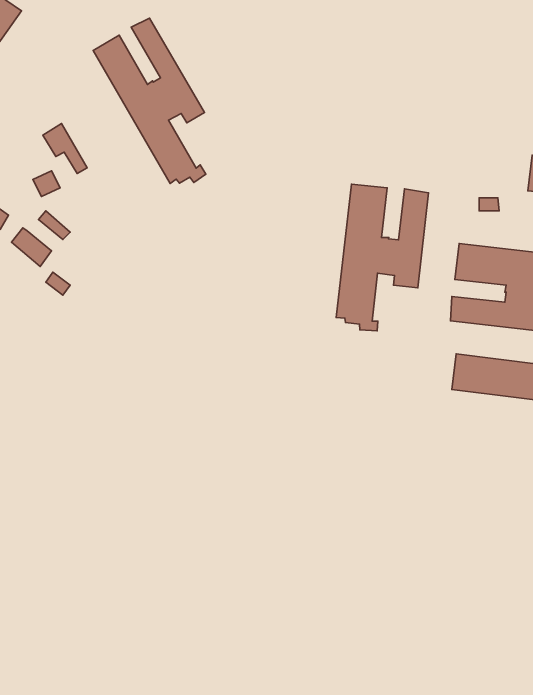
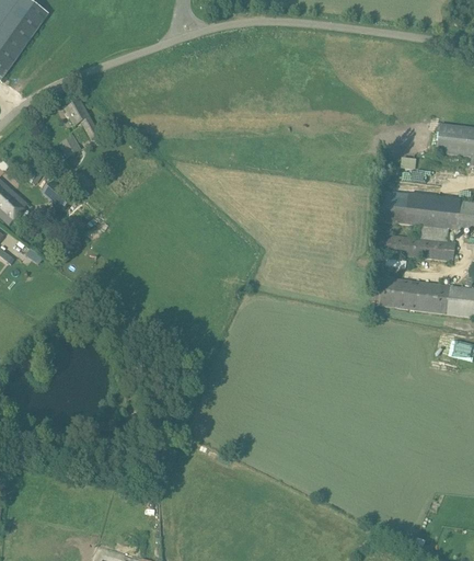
building: [93,18,206,183] -> none
building: [336,184,428,331] -> none

